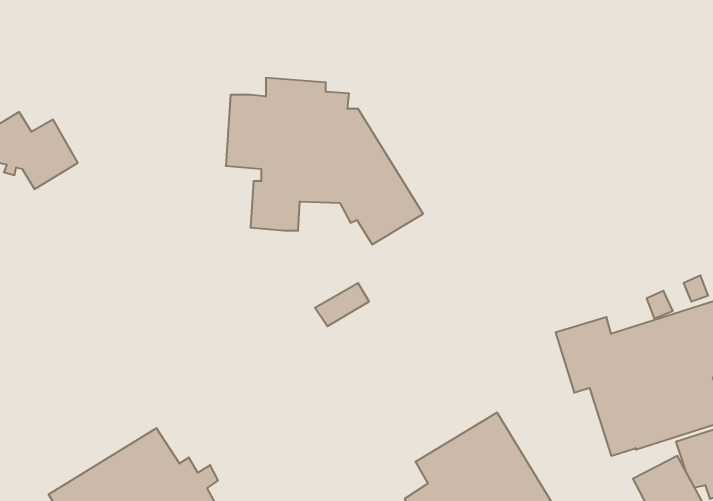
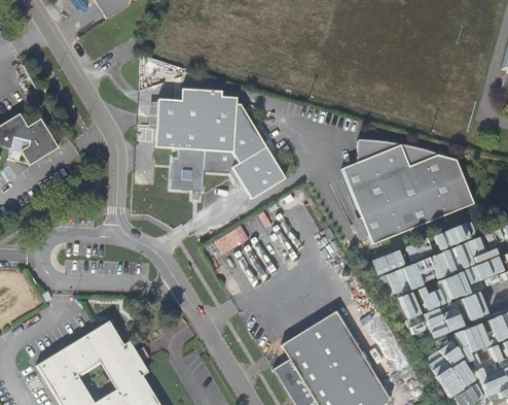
building: none -> [344,143,475,240]

